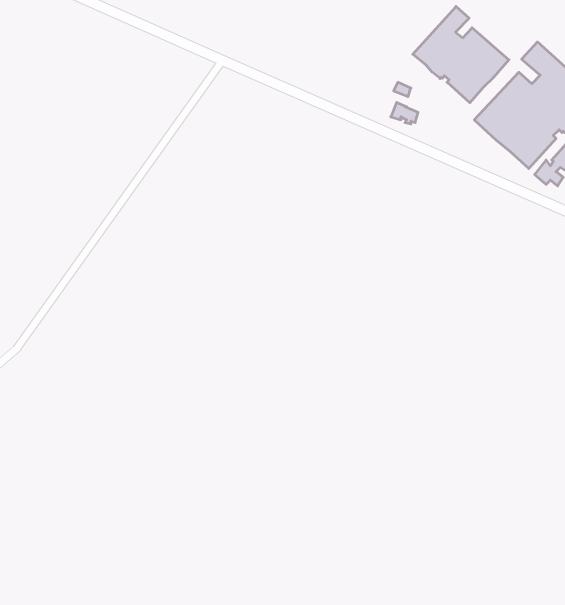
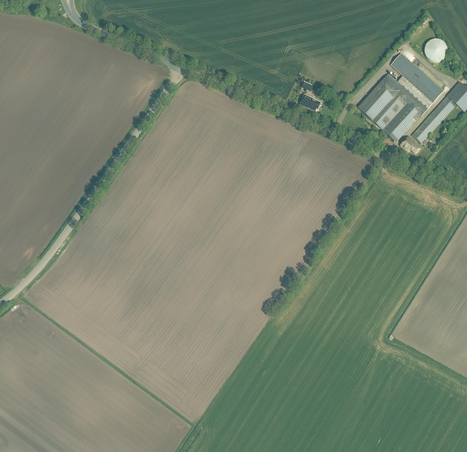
building: [413,6,509,103] -> none

